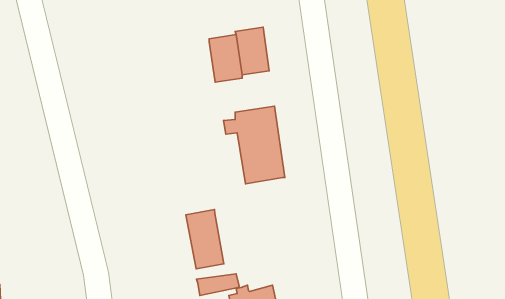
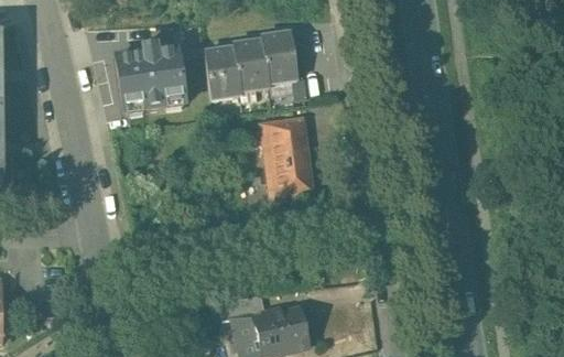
building: none -> [117,44,186,112]
building: none -> [205,48,241,99]
building: [186,210,224,269] -> none

